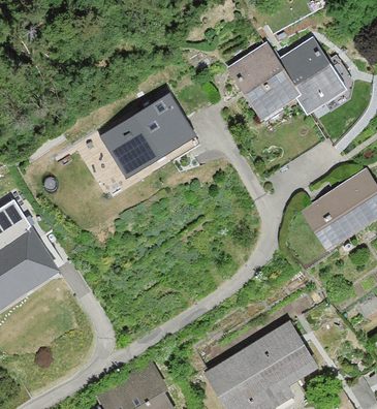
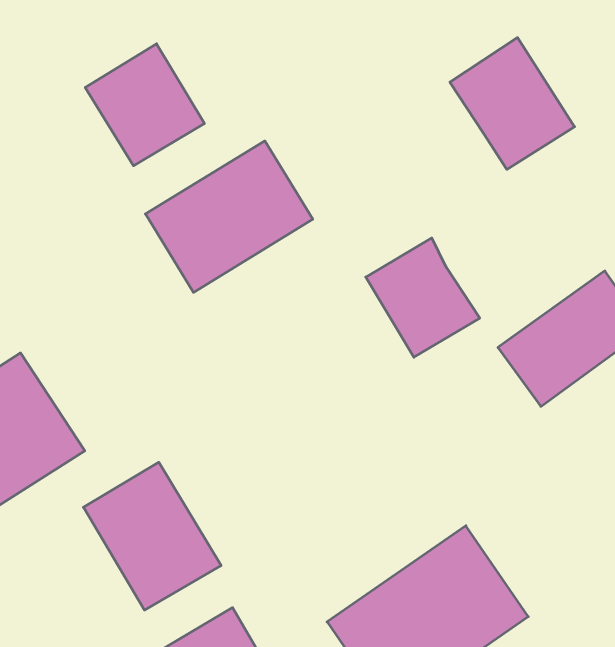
building: none -> [85,44,204,166]
building: [228,43,294,113] -> [366,238,480,357]
building: none -> [83,462,221,610]

